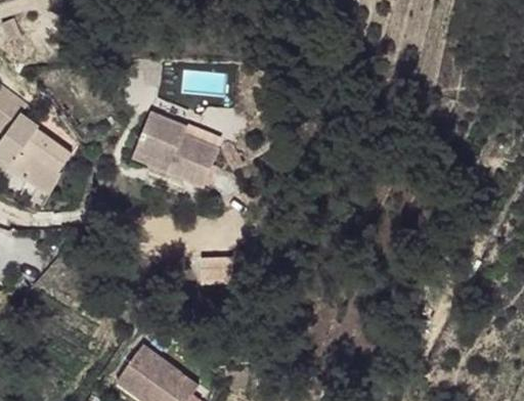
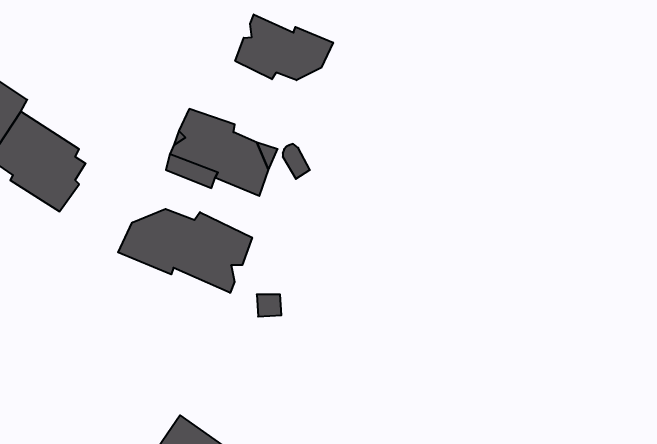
building: none -> [235,14,333,80]
building: none -> [118,209,252,293]

